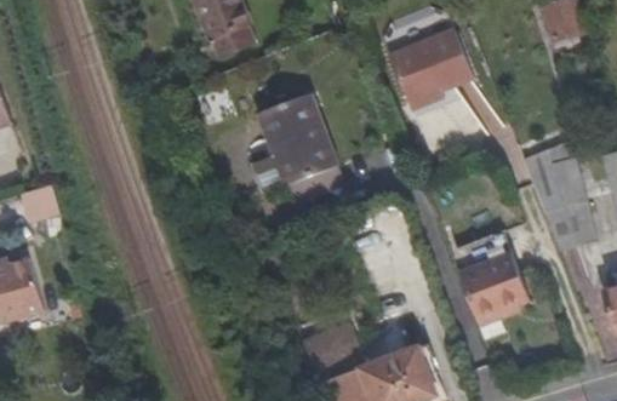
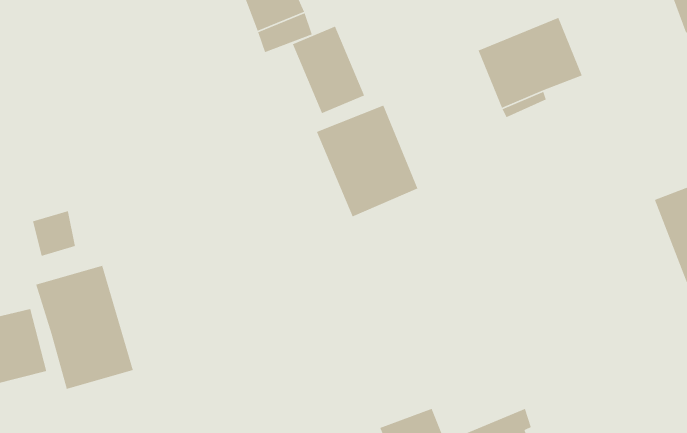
building: none -> [292,25,365,114]
building: none -> [35,265,134,390]
building: [459,253,527,322] -> none

